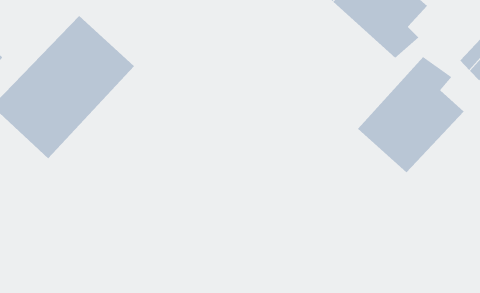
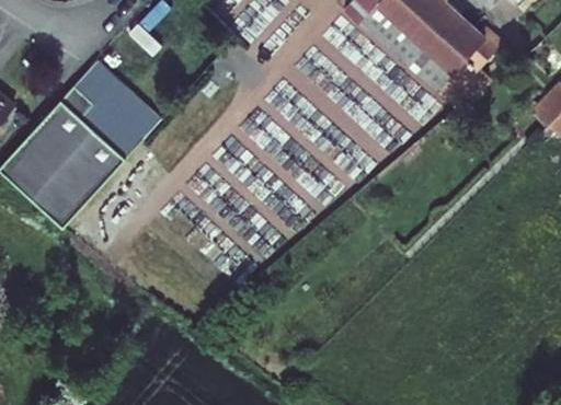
building: [357,56,464,173] -> none

